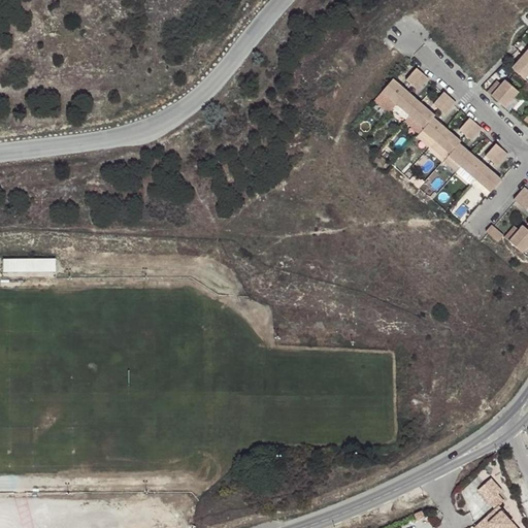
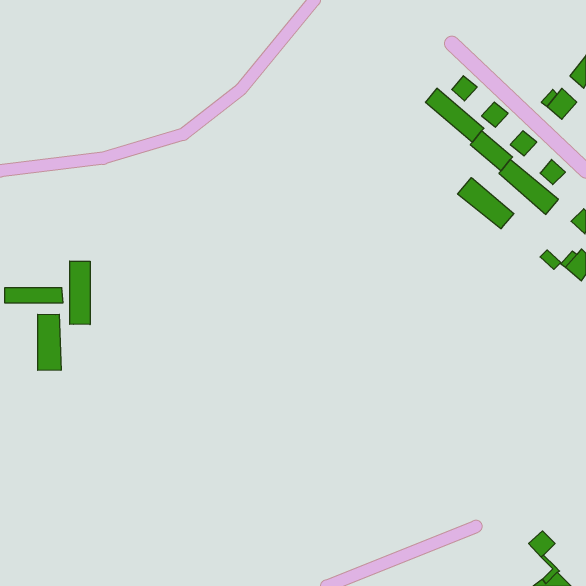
building: none -> [458,178,514,229]
building: none -> [70,261,90,325]
building: none -> [38,314,61,370]

